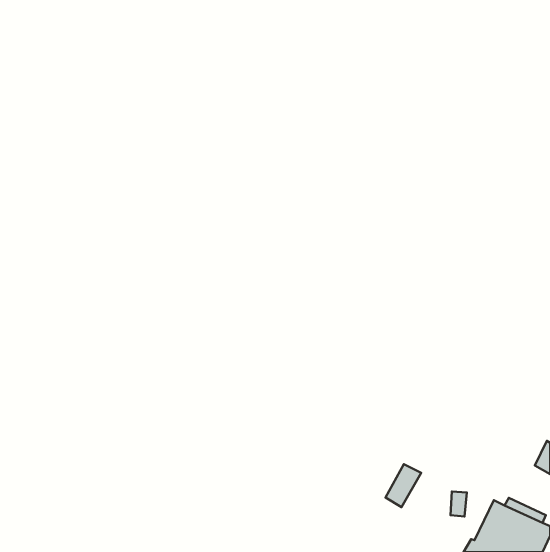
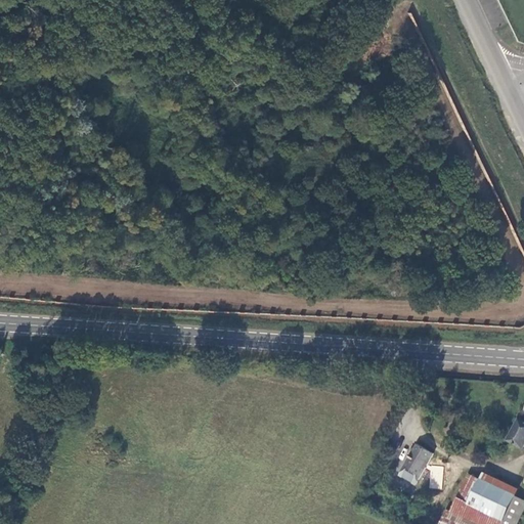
building: [385,464,421,507] -> [398,445,432,486]

